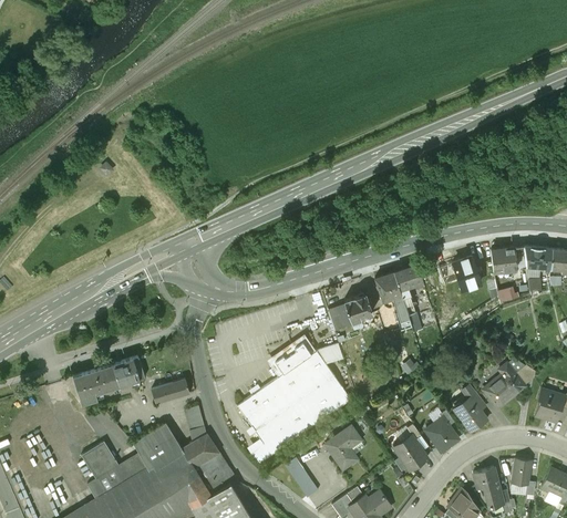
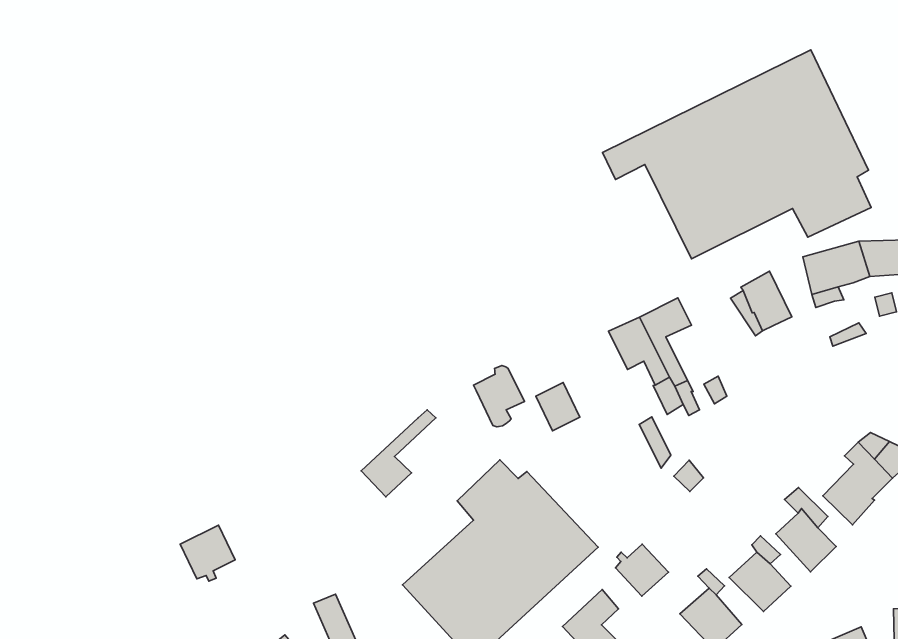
building: none -> [602,50,871,259]
building: [343,292,371,327] -> [473,366,524,427]
building: none -> [361,410,436,497]
building: [73,365,121,405] -> none
building: [150,374,189,404] -> none
building: none -> [616,544,669,596]

